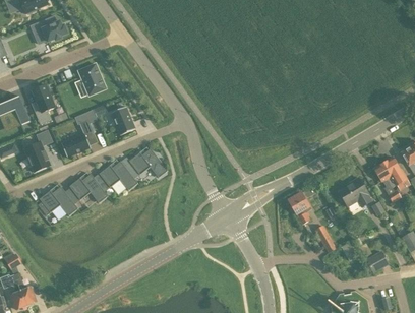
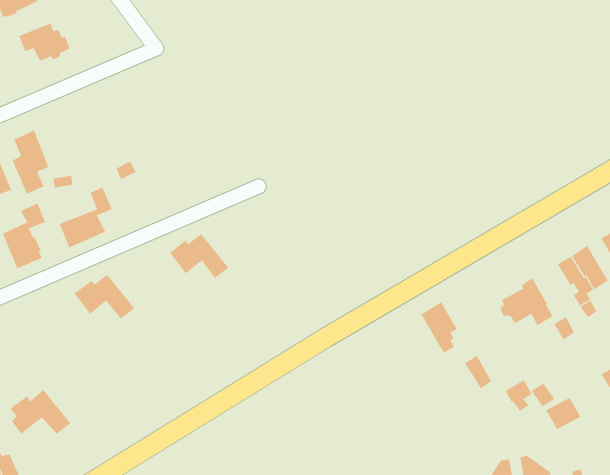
building: [77,63,105,95] -> none
building: [110,106,134,134] -> none
building: [99,161,137,190] -> none
building: [39,186,77,214] -> [10,389,71,434]

